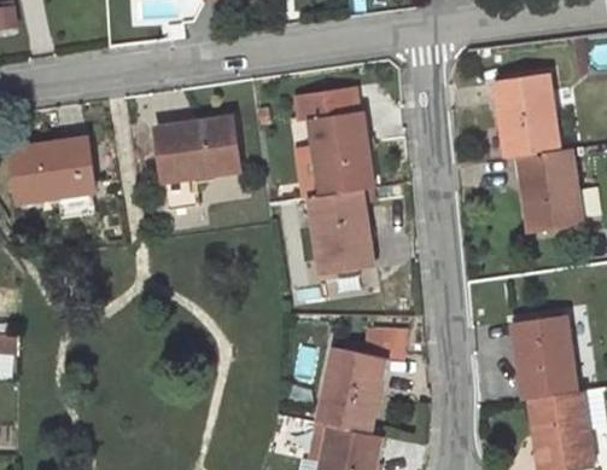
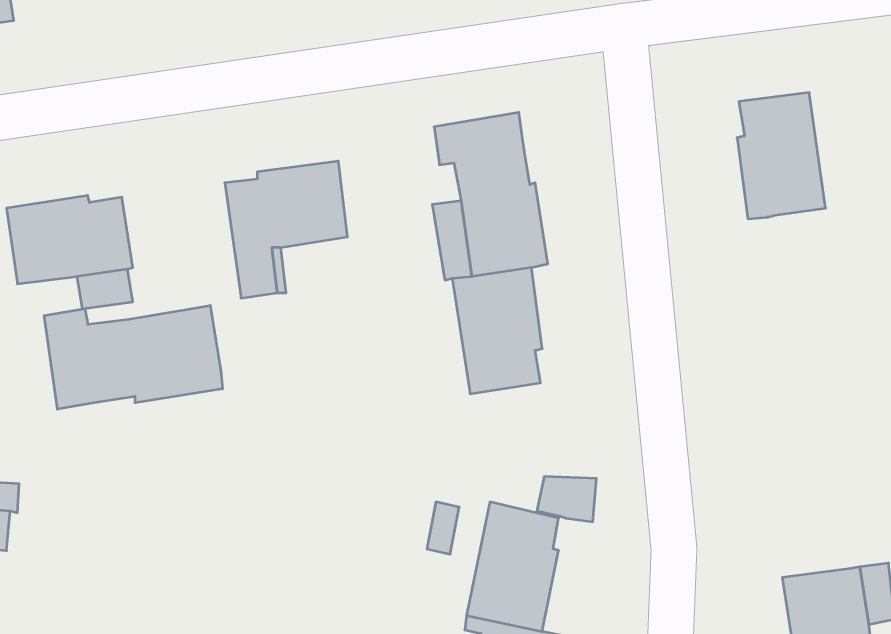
building: [521,147,580,232] -> none
building: none -> [44,305,222,409]
building: [515,314,574,399] -> none

